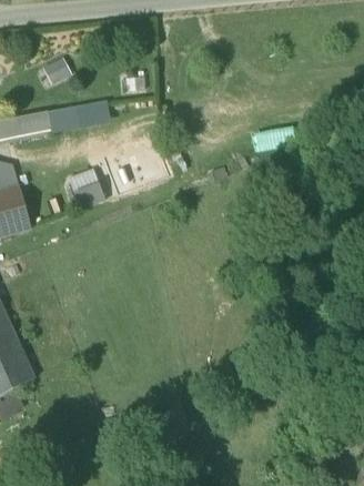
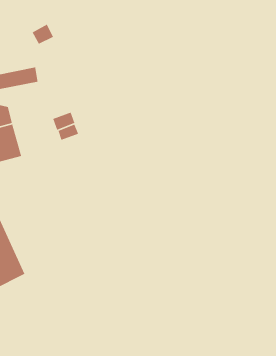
building: [48,100,110,132] -> none

